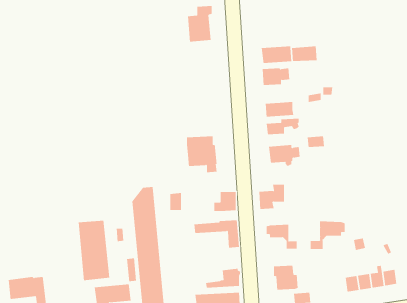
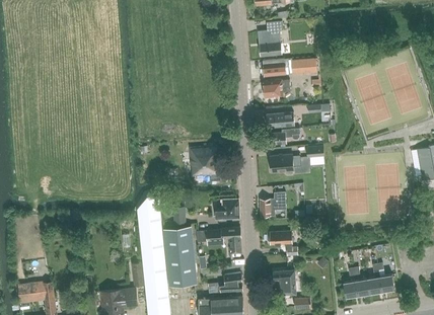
building: [187,6,212,42] -> [258,21,282,57]
building: [78,220,110,281] -> [164,227,196,286]
building: [310,220,345,250] -> none

